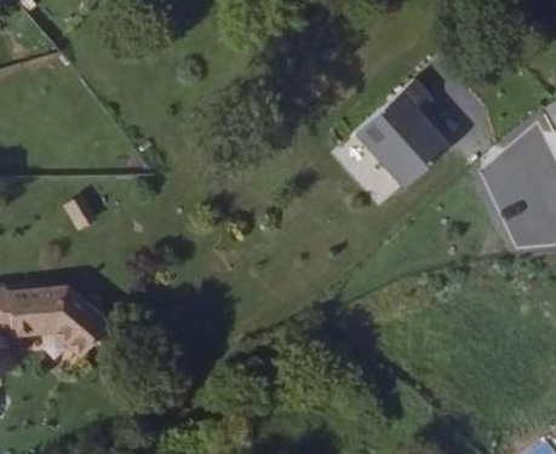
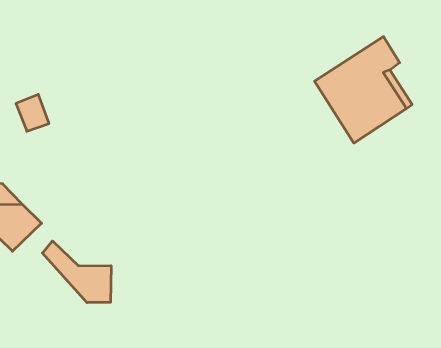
building: none -> [42,241,111,303]

